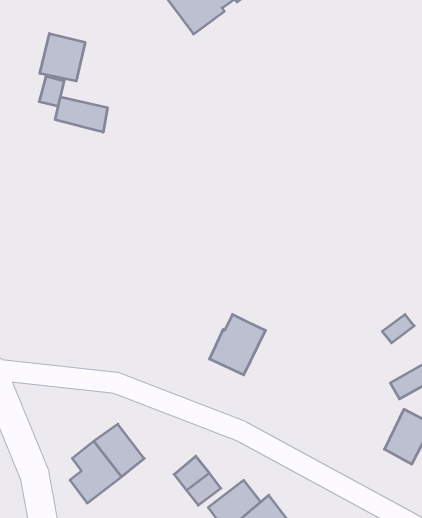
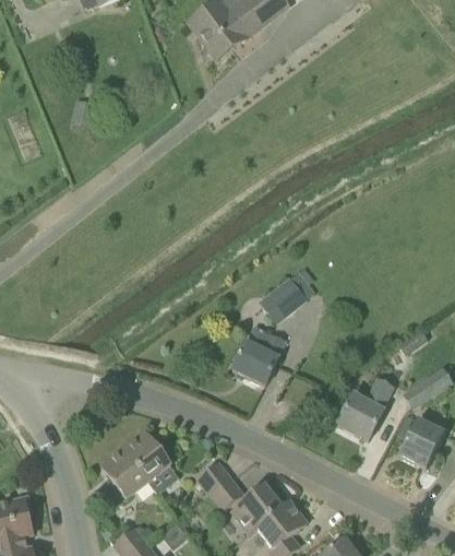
building: [40,33,85,81] -> none
building: [55,97,107,132] -> none
building: none -> [258,271,313,324]
building: none -> [337,379,394,439]

